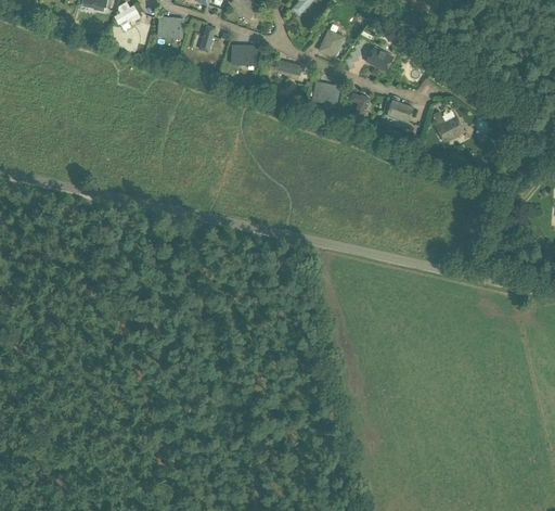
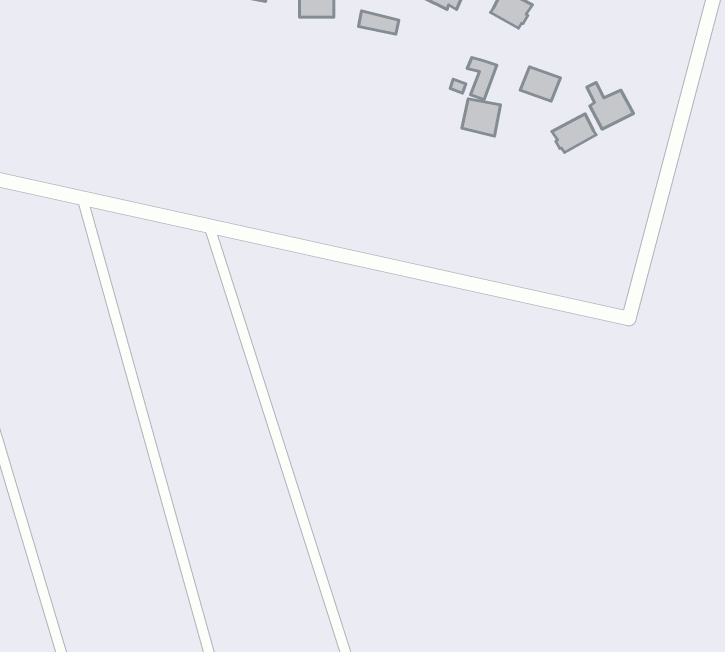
building: [312,79,339,105] -> [462,99,501,136]
building: none -> [552,114,596,152]

